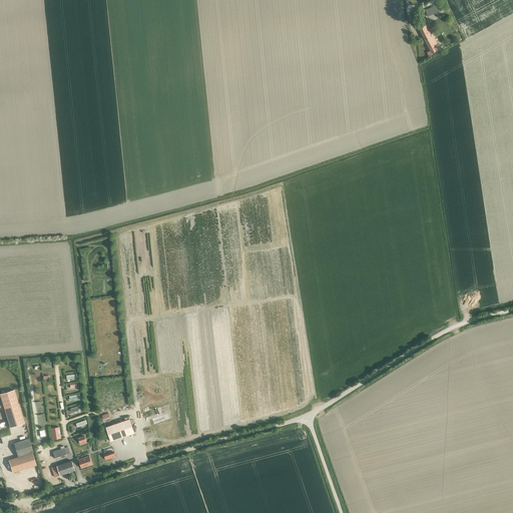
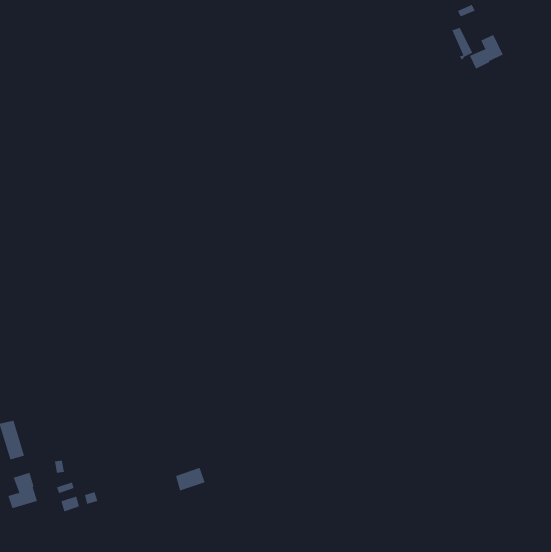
building: none -> [469,34,504,70]
building: [105,419,133,441] -> [175,467,206,491]

